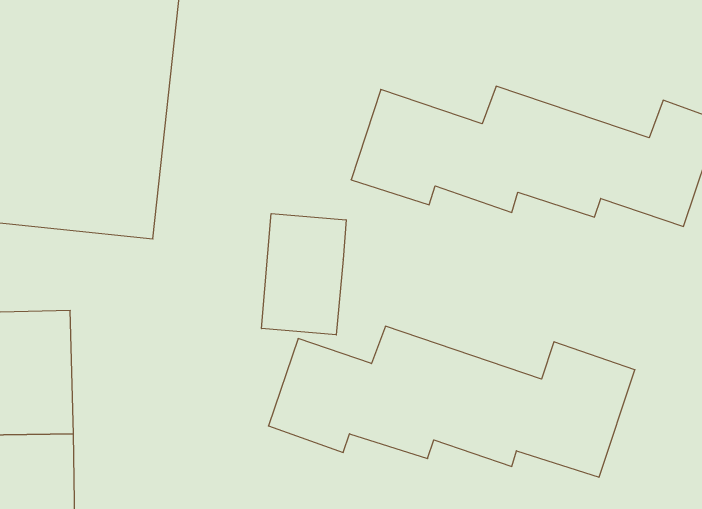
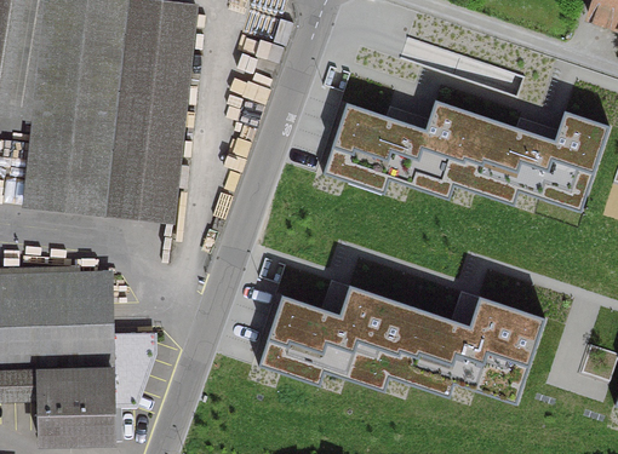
building: [262,214,346,335] -> none

